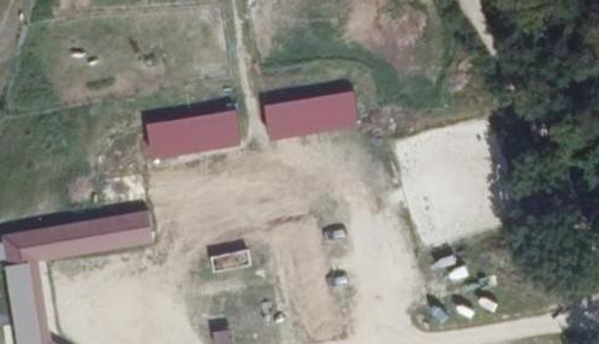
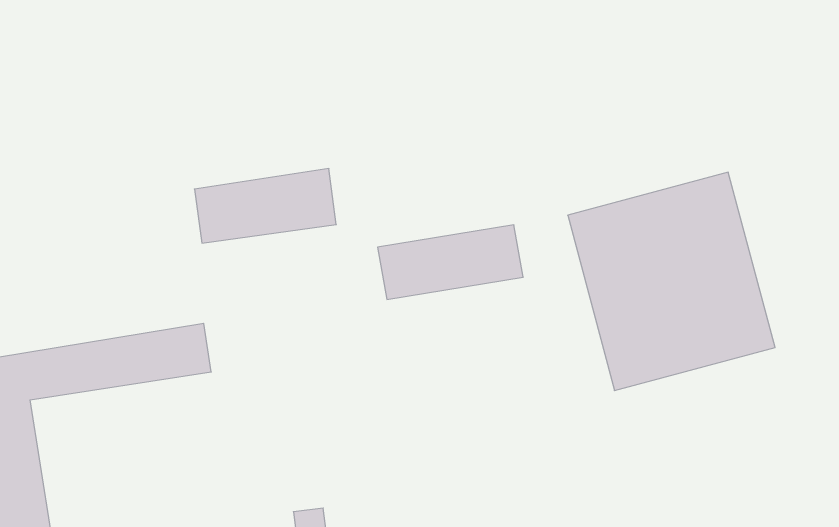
building: [262,91,356,140] -> [378,225,523,299]

